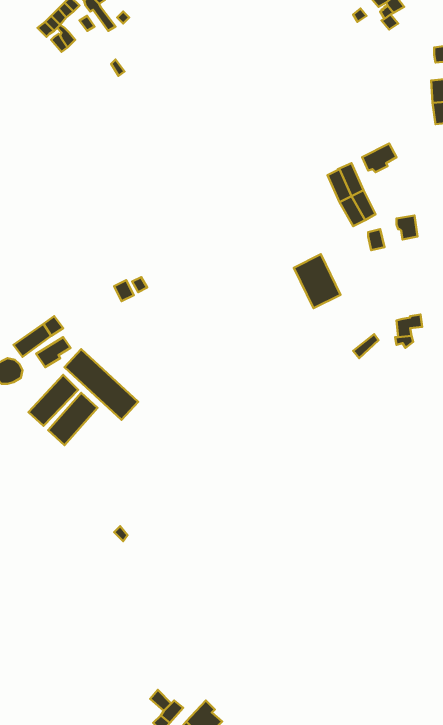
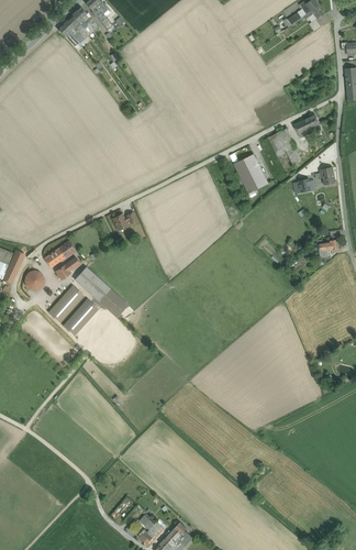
building: [294,254,340,308] -> [233,154,267,194]

